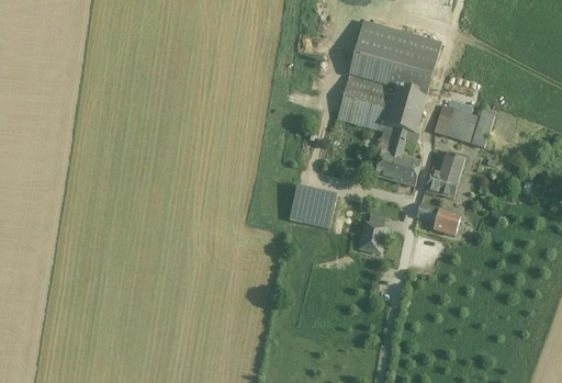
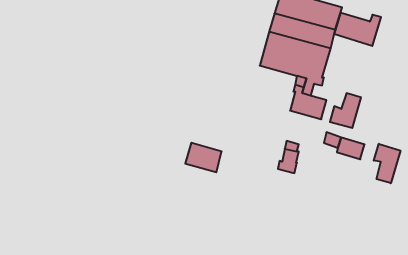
building: [435,104,494,146] -> [334,13,381,46]
building: [290,183,336,221] -> [185,143,222,172]
building: none -> [374,144,400,183]

